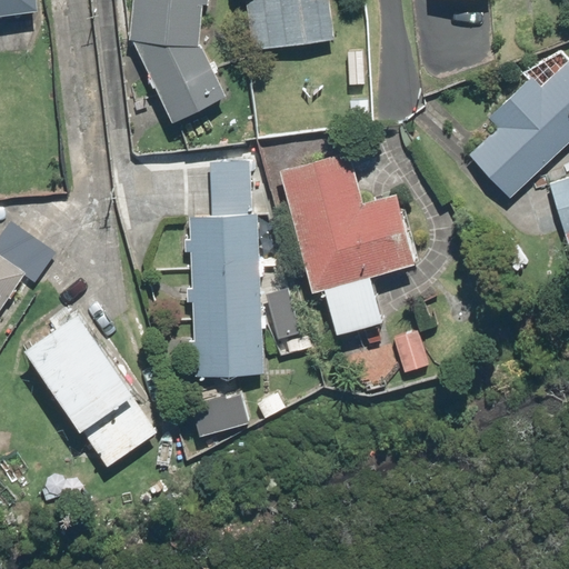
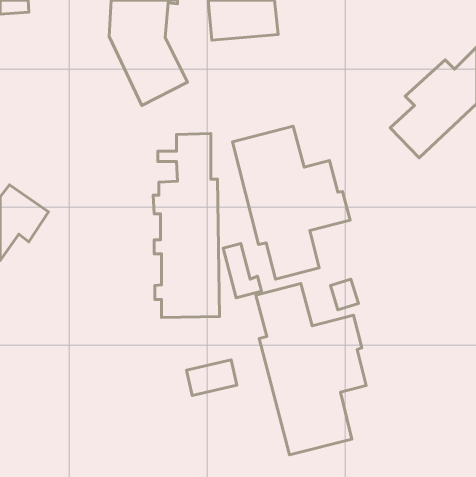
building: [21,310,161,468] -> none
building: none -> [256,284,366,455]
building: [191,390,251,432] -> [186,360,237,395]

